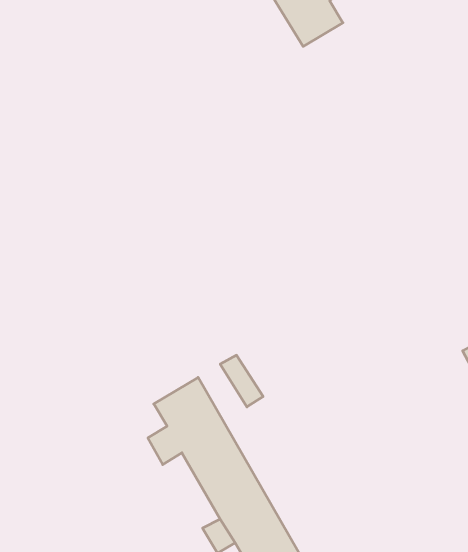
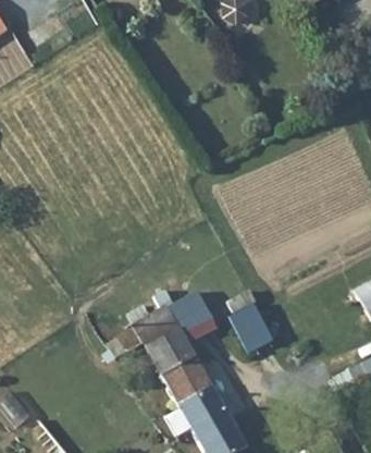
building: none -> [232,304,274,351]

